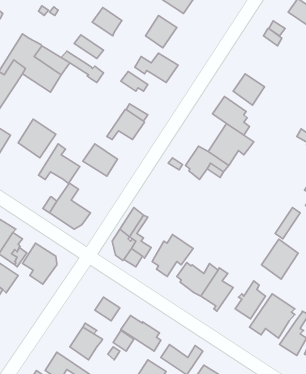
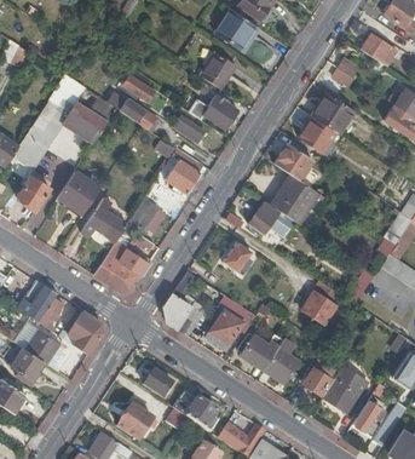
building: [92,7,122,36] -> none
building: none -> [311,93,353,134]
building: none -> [115,226,152,275]
building: none -> [221,241,255,275]
building: [262,239,298,279] -> [300,280,341,325]

